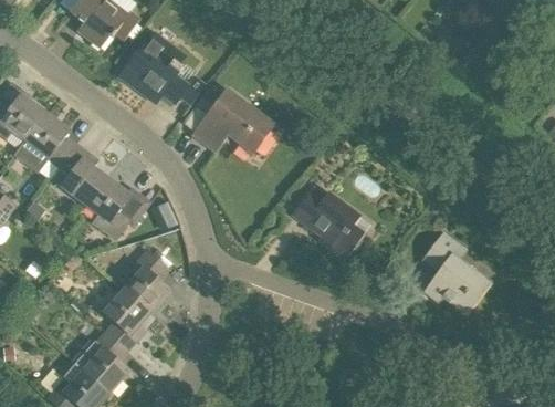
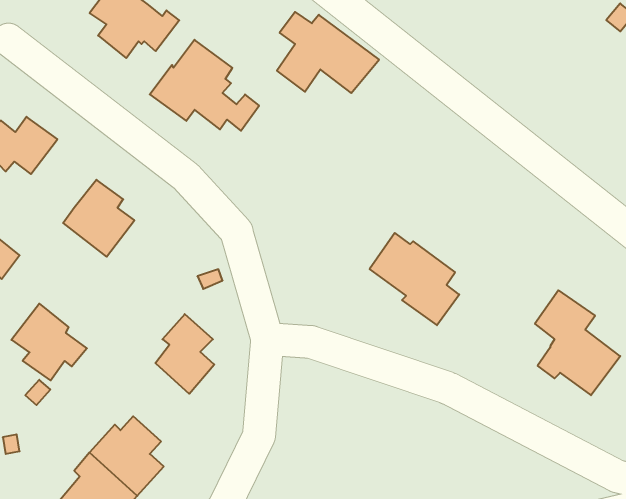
building: [195,88,275,153] -> [277,12,379,93]
building: [14,112,77,171] -> none
building: [85,176,145,237] -> [11,304,87,380]
building: [104,289,150,351] -> none

